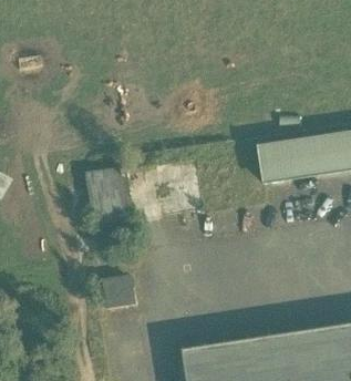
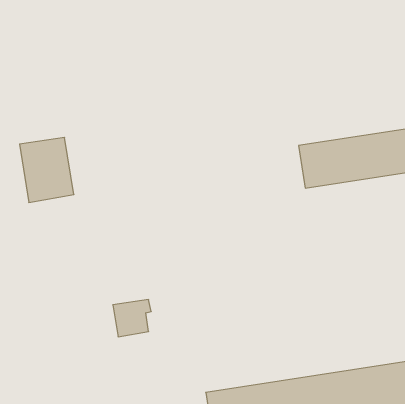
building: [86,166,132,220] -> [20,137,74,202]

